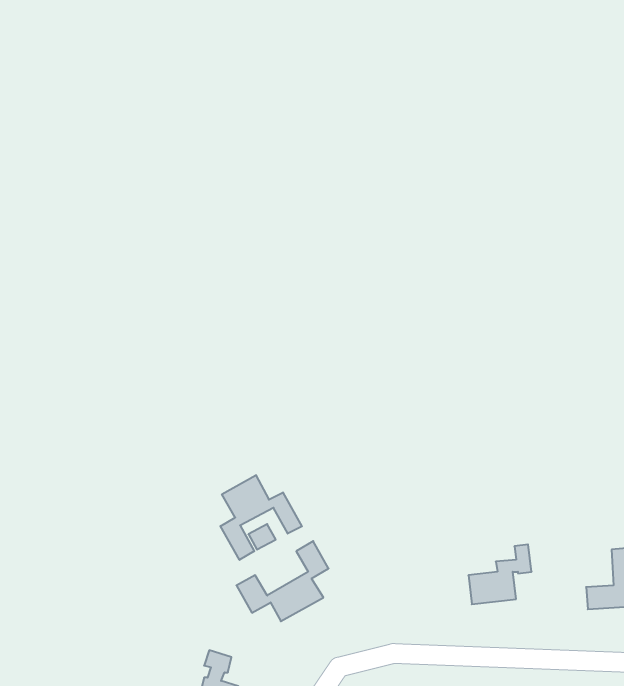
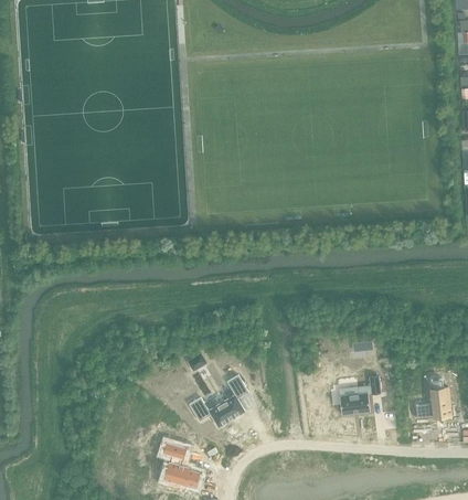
building: [220,475,302,560] -> none

